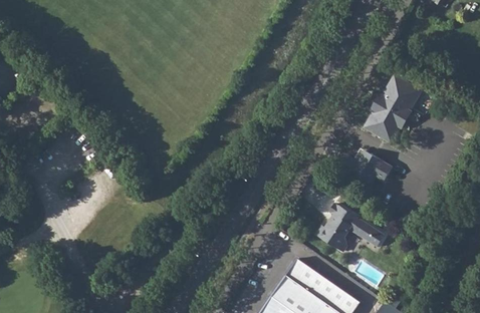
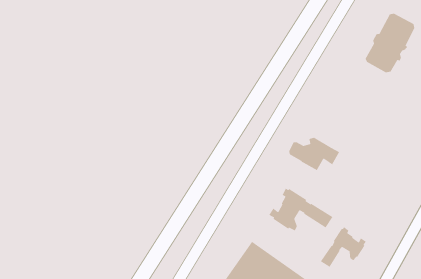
building: [365,77,418,140] -> [364,13,415,73]
building: none -> [320,226,367,268]

